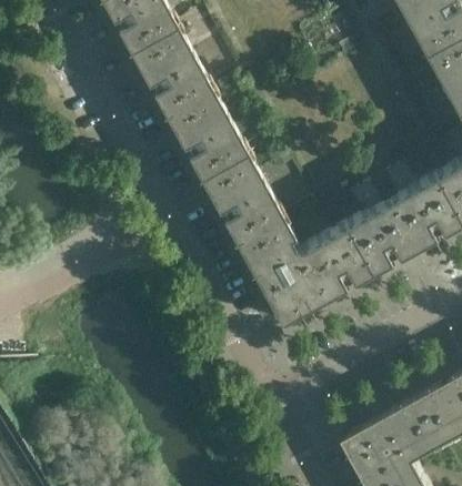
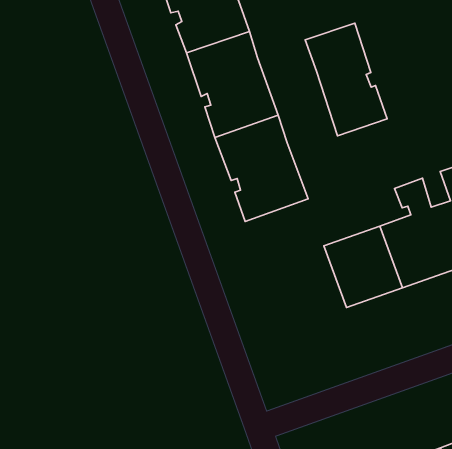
building: none -> [305,23,387,136]
building: [233,215,327,324] -> none

